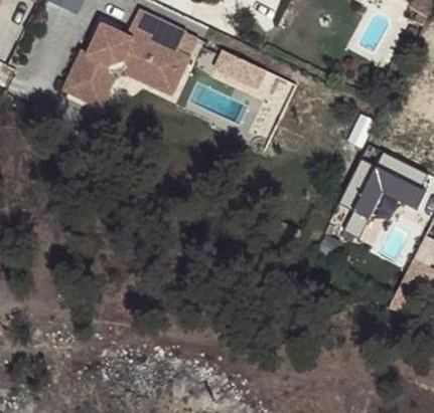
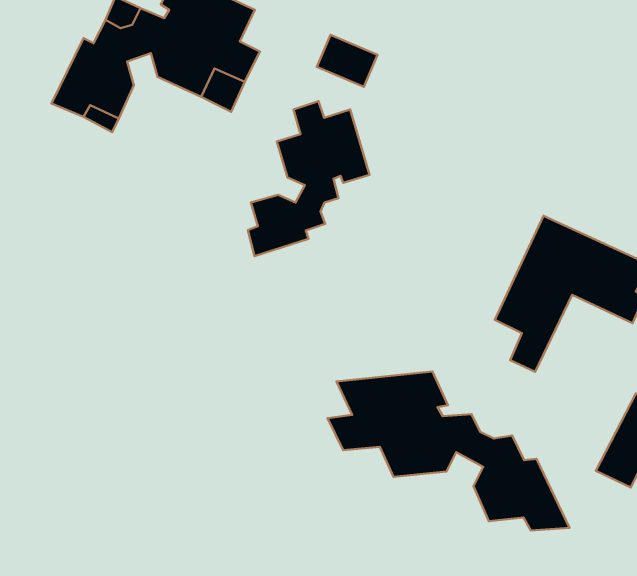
building: none -> [248,101,370,256]
building: none -> [328,372,569,530]

